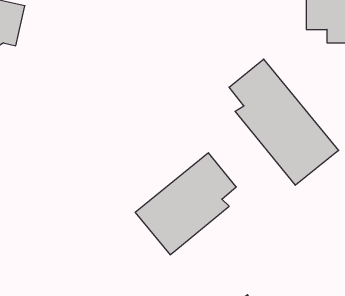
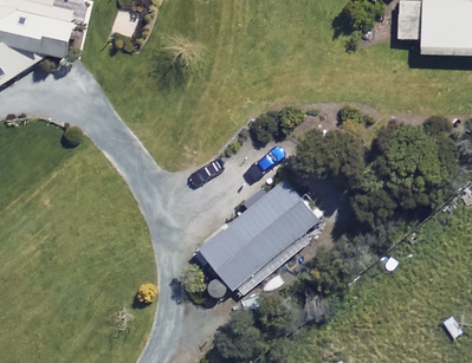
building: [229,59,339,185] -> none

